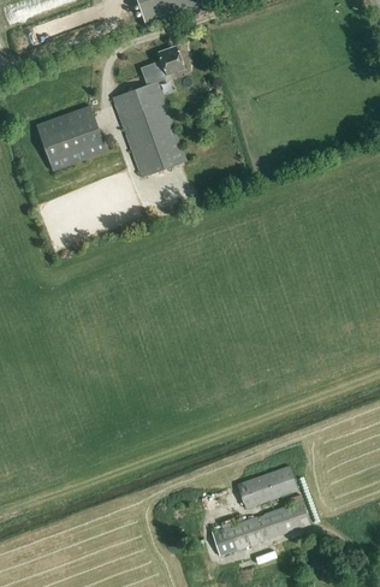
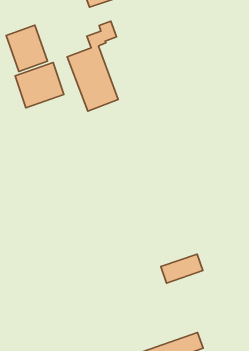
building: none -> [6,25,47,72]
building: [237,466,298,508] -> [161,254,203,283]

